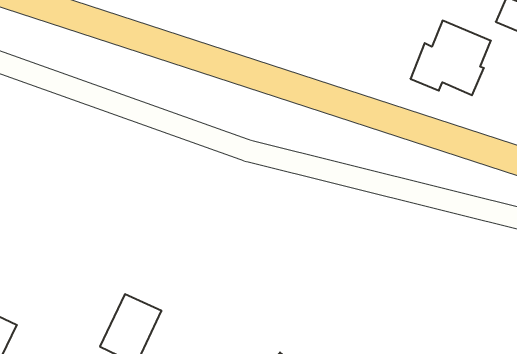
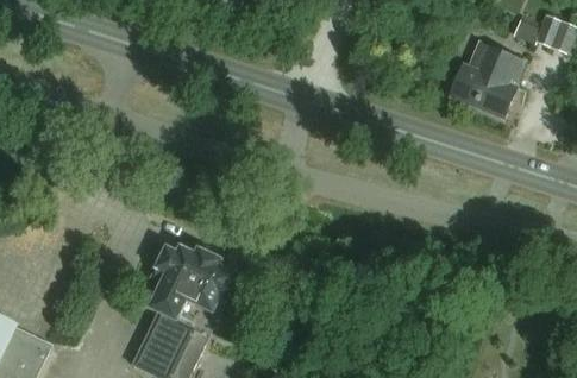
building: none -> [149,248,237,320]

